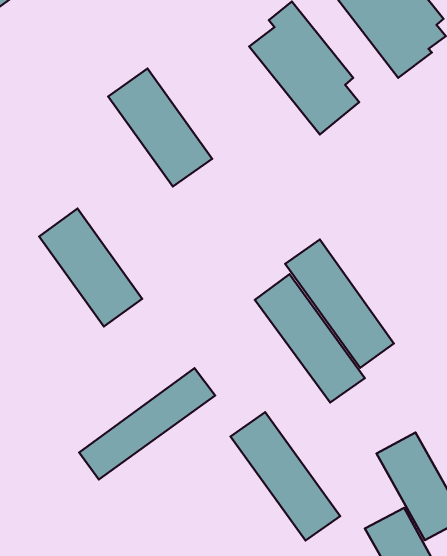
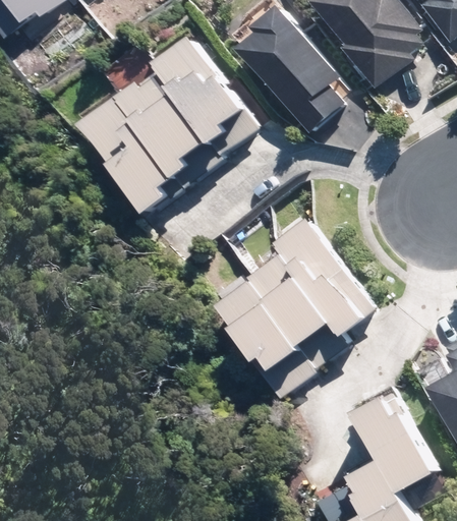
building: none -> [154,45,245,149]
building: [39,209,142,327] -> [82,100,173,204]
building: [79,368,215,480] -> none
building: [230,412,340,540] -> [217,281,313,394]

